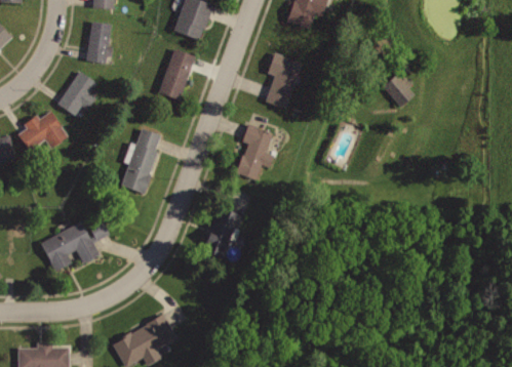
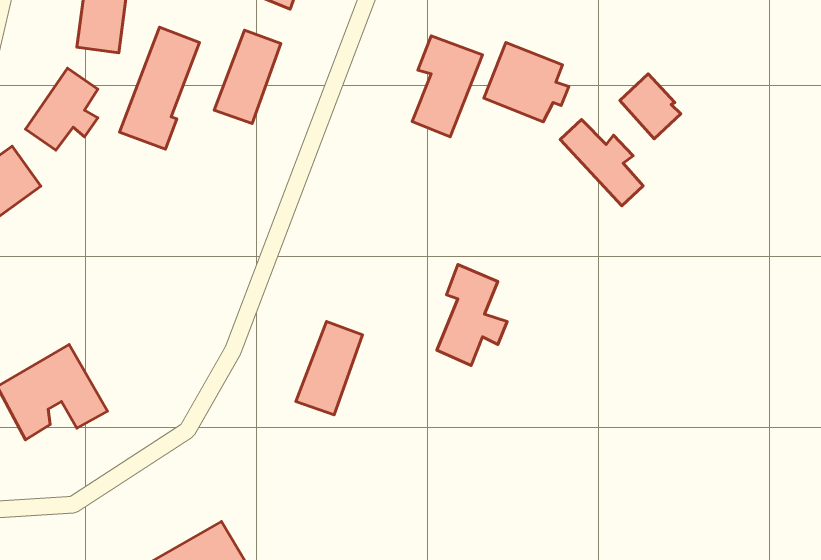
building: none -> [484,42,569,122]
building: none -> [560,119,643,206]
building: [237,124,275,178] -> [437,265,507,365]
building: [119,126,162,192] -> [120,27,200,149]

